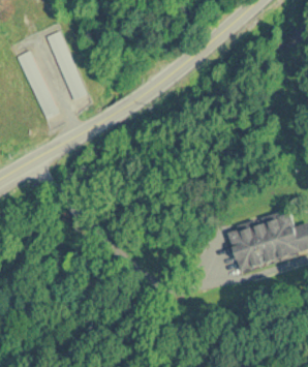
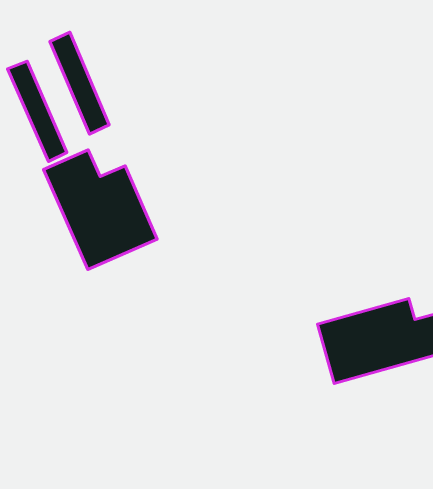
building: none -> [44,150,157,270]

